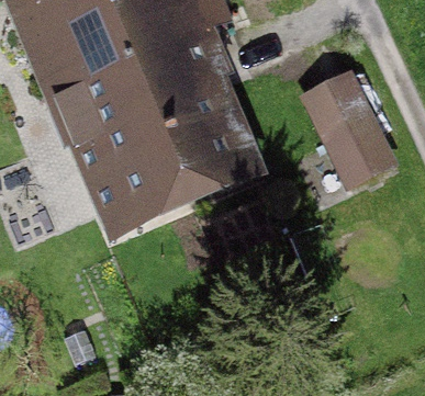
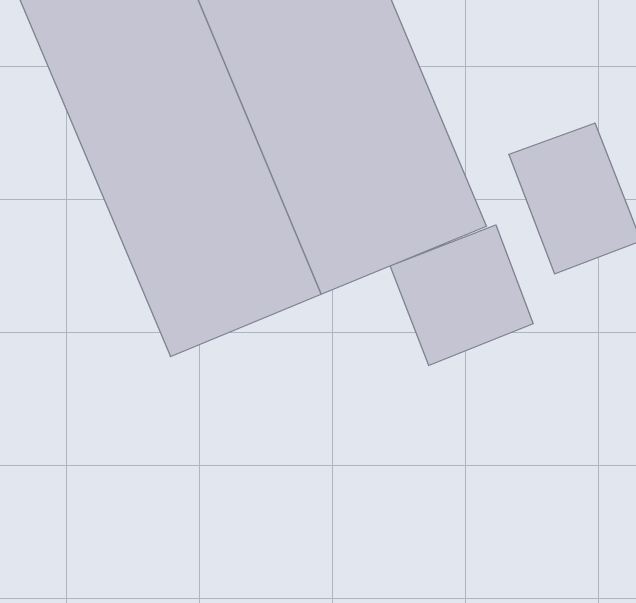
building: none -> [390,225,533,366]

